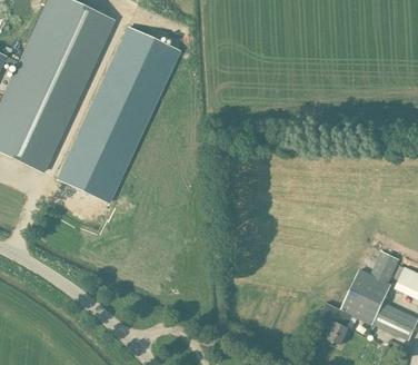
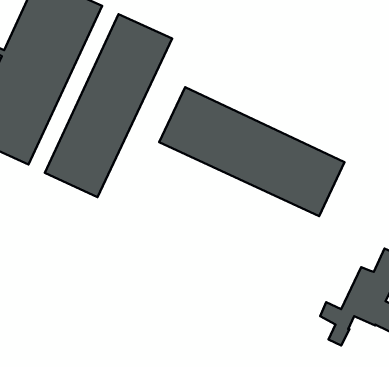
building: none -> [159,87,344,216]

